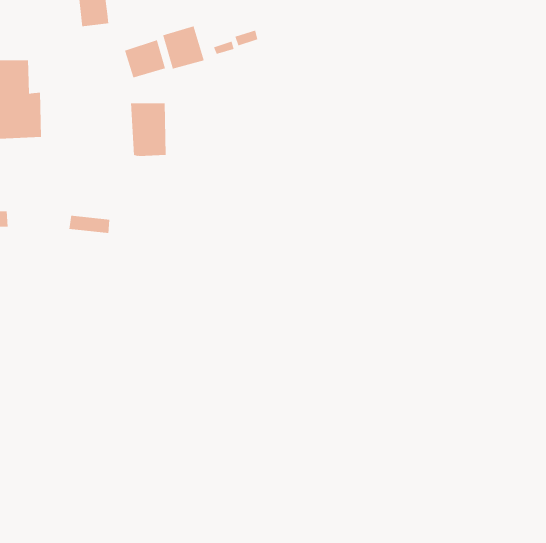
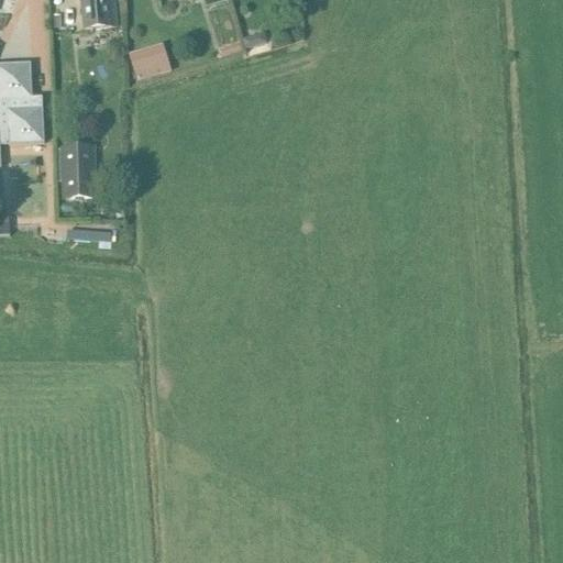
building: [163,25,204,69] -> none
building: [130,103,166,156] -> [58,144,96,199]

